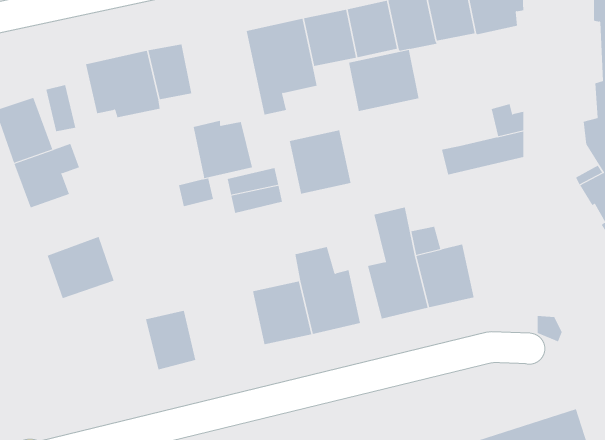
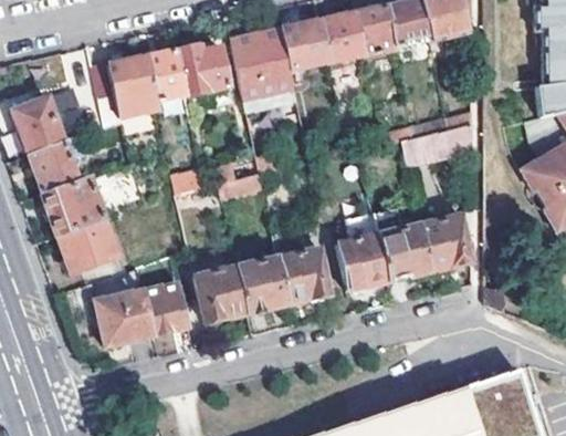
building: [348,49,419,112] -> none
building: [193,120,253,179] -> [177,45,229,96]
building: [289,130,351,194] -> none
building: none -> [45,177,105,235]
building: none -> [420,215,473,271]
building: none -> [196,266,248,322]
building: none -> [96,290,156,345]

